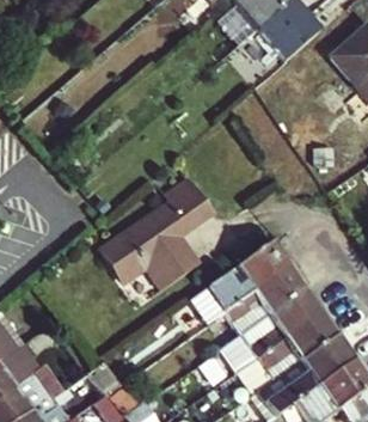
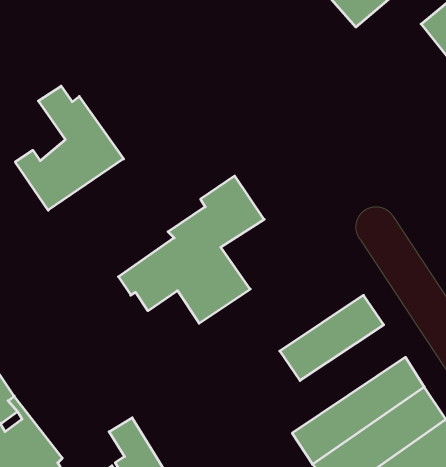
building: none -> [15,86,124,210]
building: [192,240,290,320] -> none
building: [219,289,323,373] -> none

